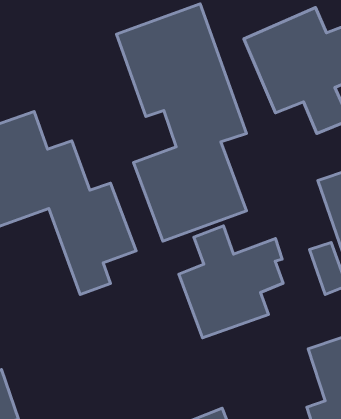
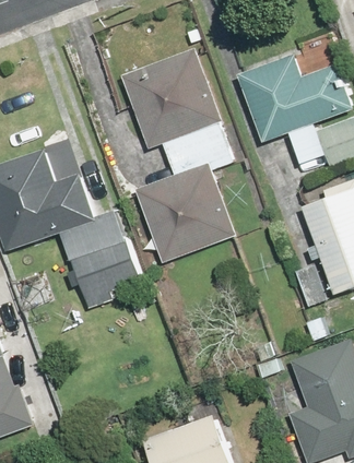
building: [179,226,283,338] -> none

